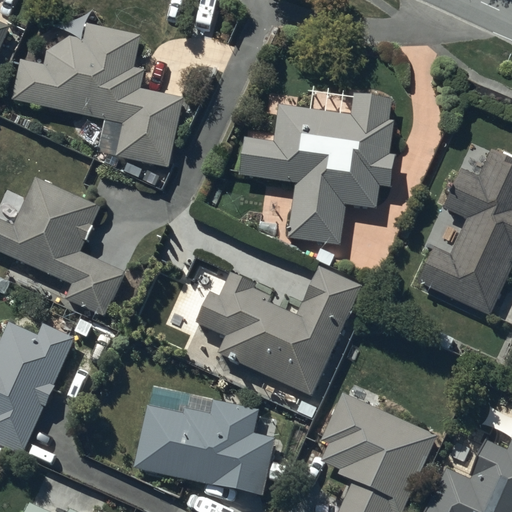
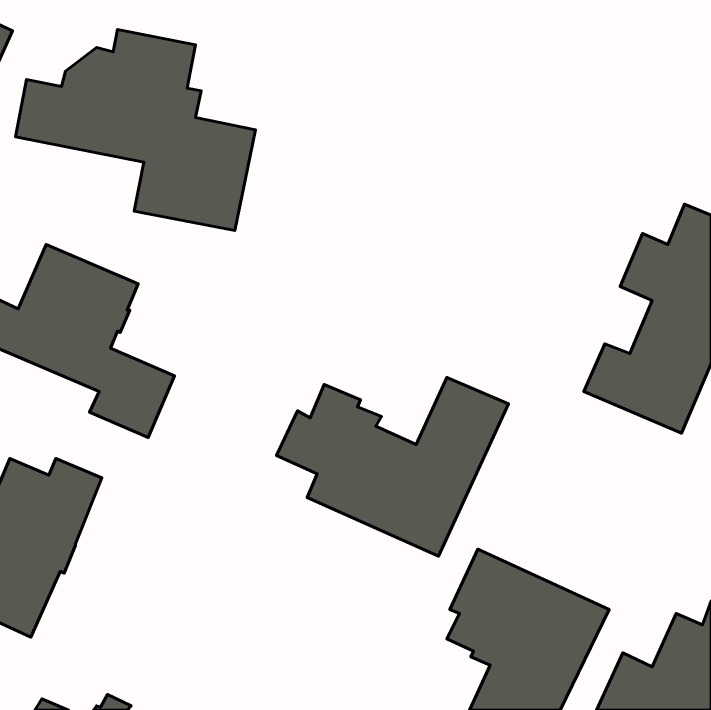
building: [241,92,395,243] -> none
building: [133,389,274,498] -> none

